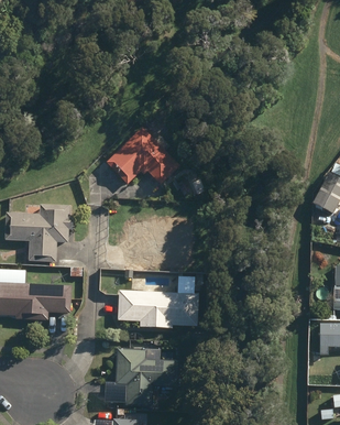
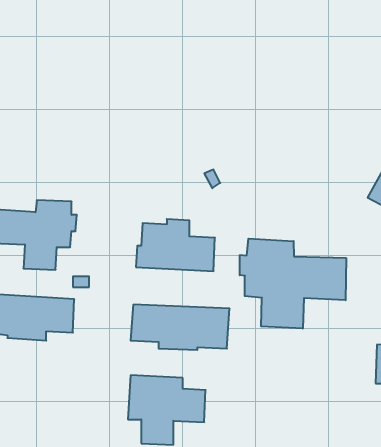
building: [106,128,178,183] -> none
building: none -> [240,239,346,329]

